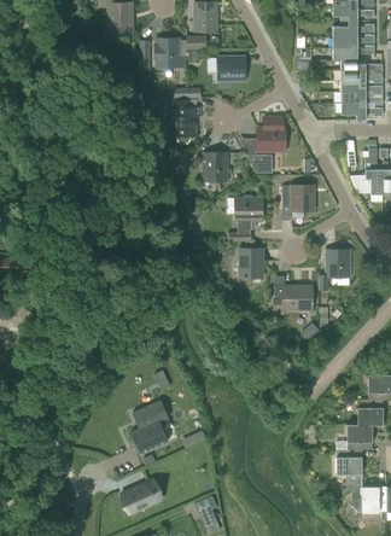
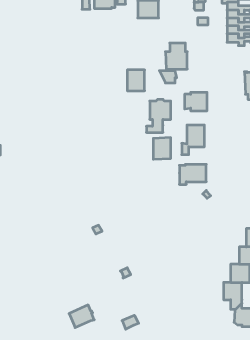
building: [174,100,200,142] -> none
building: [319,247,350,289] -> [182,125,204,155]
building: [130,400,169,453] -> none

